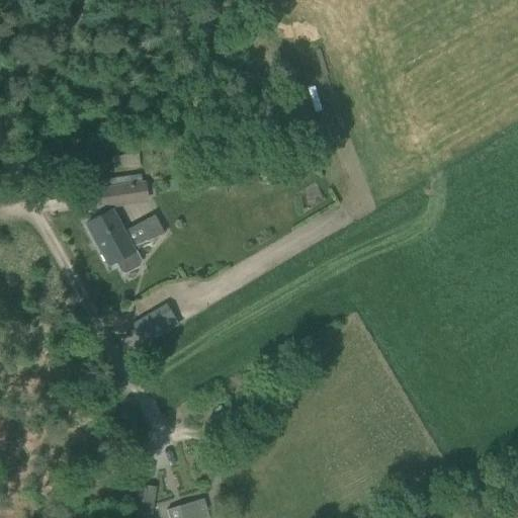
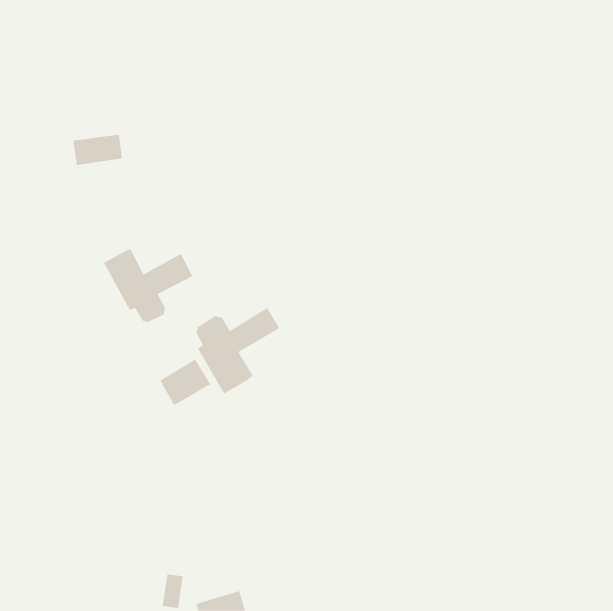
building: [104,180,147,206] -> [73,134,123,166]
building: none -> [196,307,280,394]

